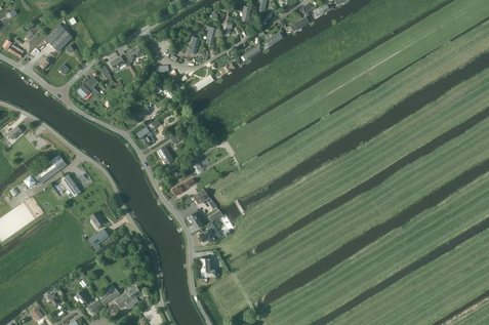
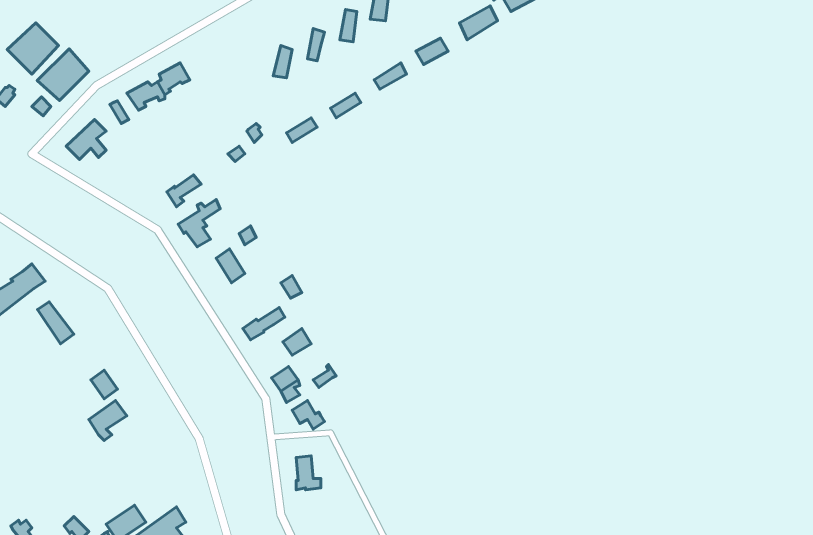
building: none -> [37,49,89,101]

